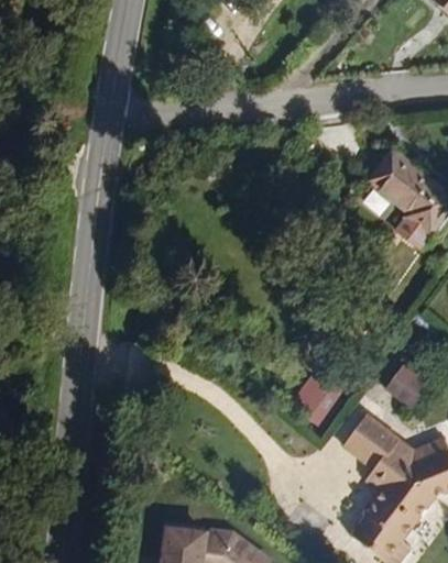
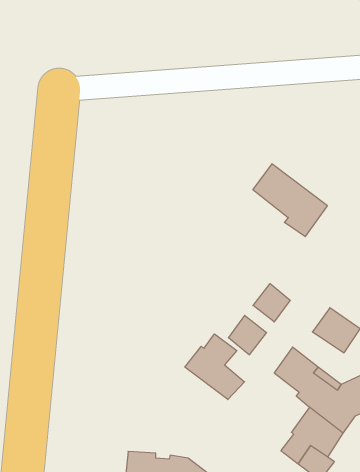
building: [352,150,438,233] -> [253,164,327,237]
building: none -> [253,284,290,322]
building: none -> [185,334,245,400]

